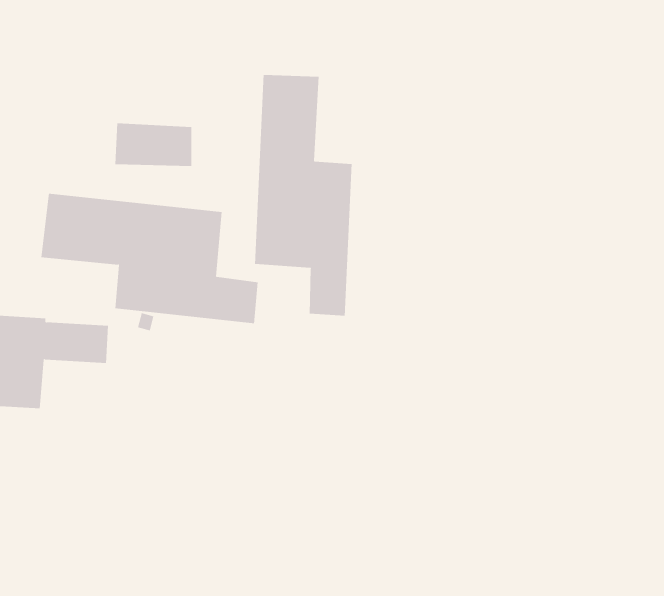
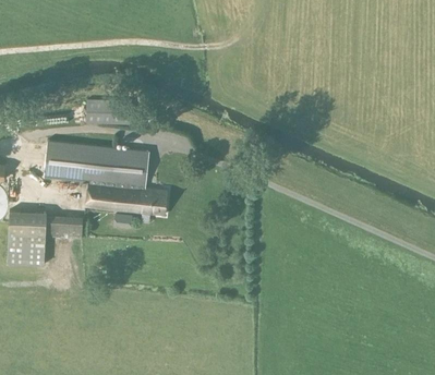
building: [254,74,352,317] -> none

